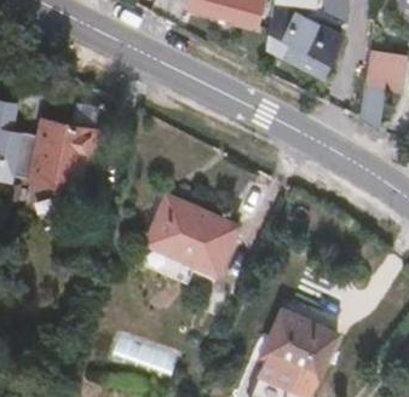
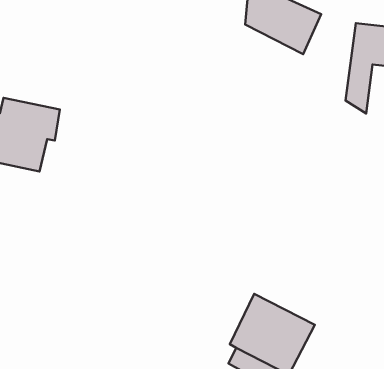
building: [148,196,240,275] -> none

